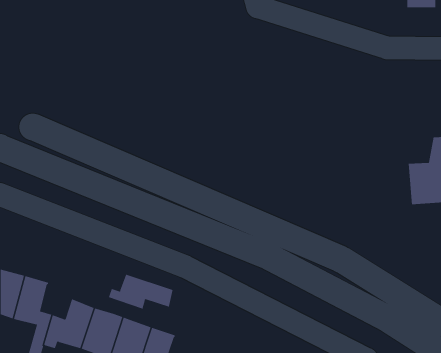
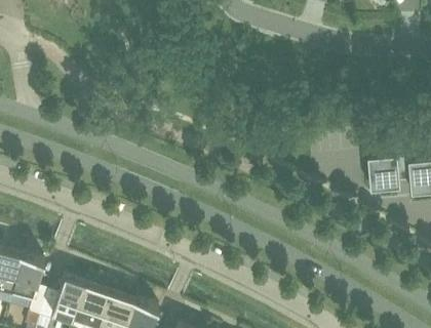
building: [108,274,173,310] -> none

